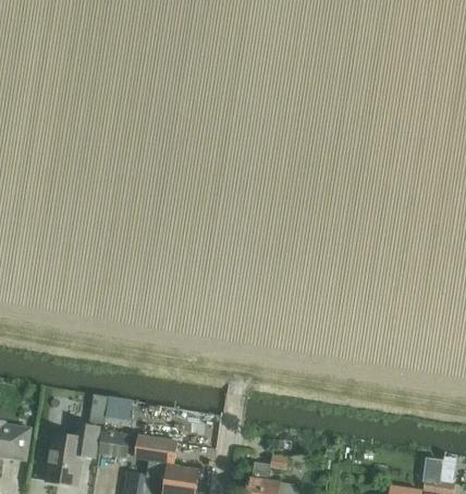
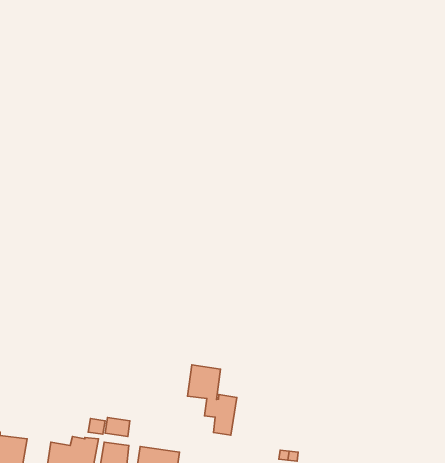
building: none -> [187,365,237,435]

